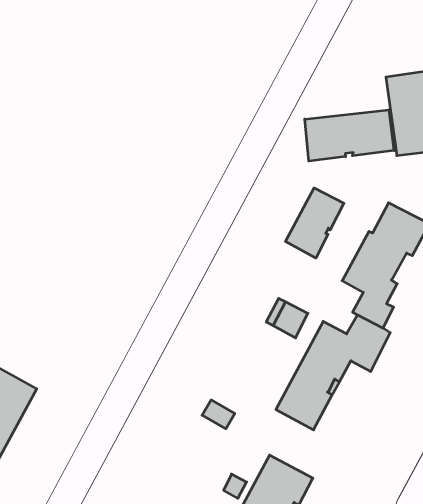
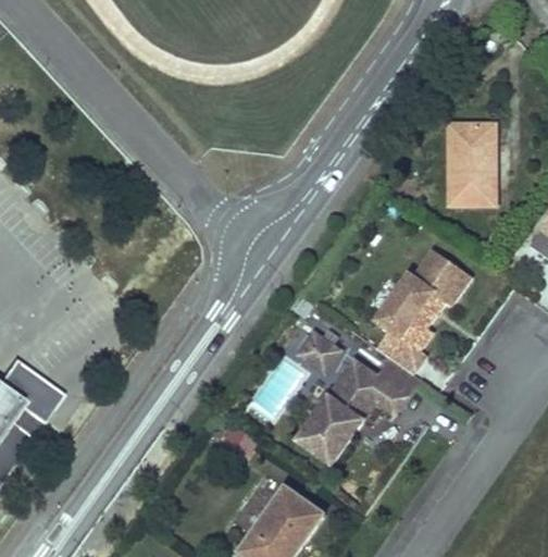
building: [305,110,394,161] -> none
building: [286,188,344,258] -> none

